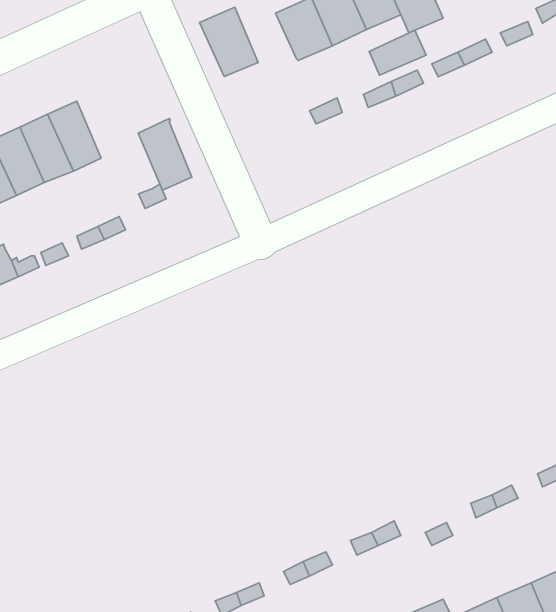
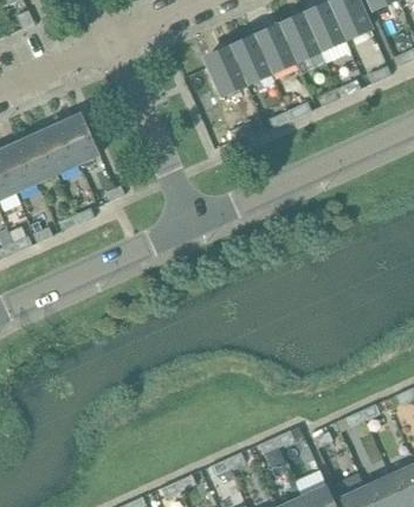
building: [200,7,258,77] -> none
building: [369,30,426,75] -> none
building: [138,119,192,190] -> [59,113,98,165]

